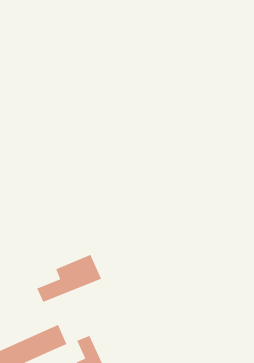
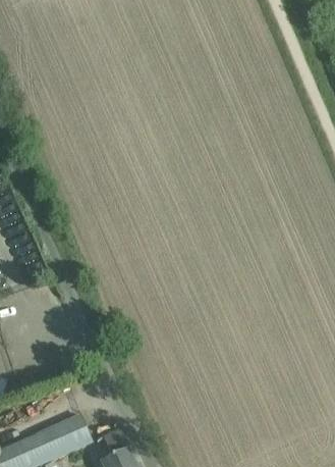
building: [36,254,102,303] -> none

